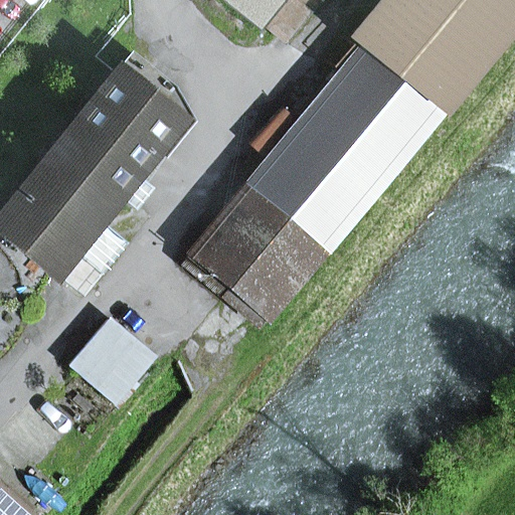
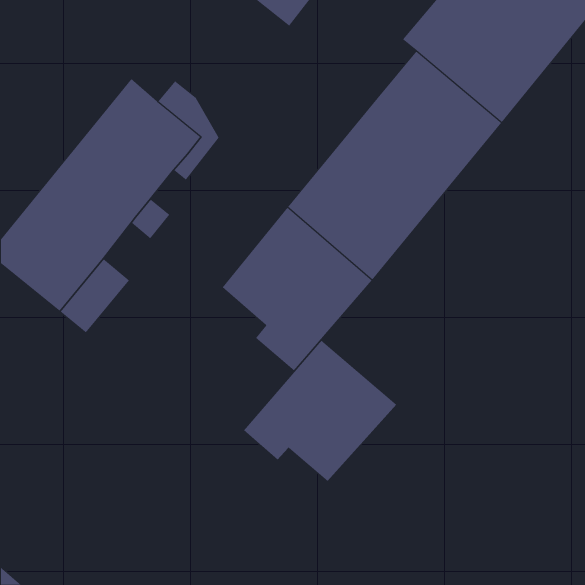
building: none -> [243,340,397,482]
building: [69,319,155,403] -> none

